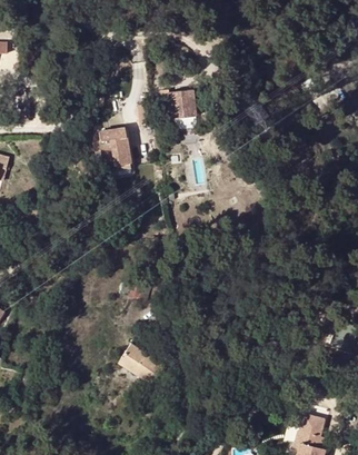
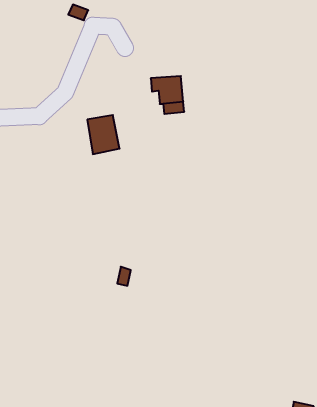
building: [119,343,163,384] -> none

